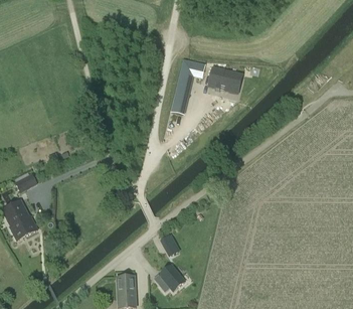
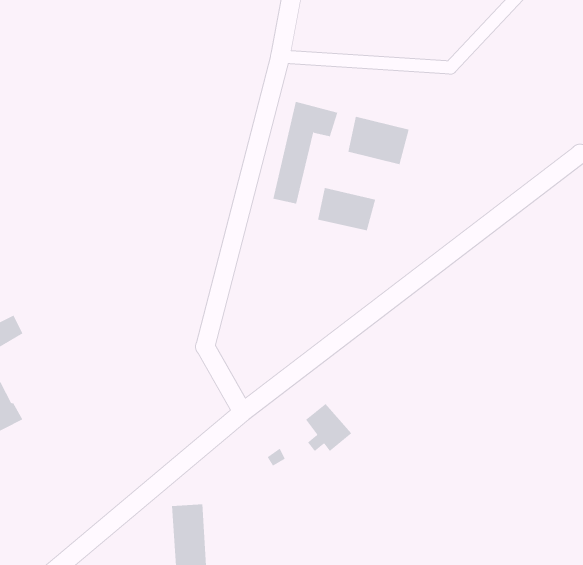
building: none -> [318,187,376,231]
building: [160,264,185,290] -> [305,403,352,452]

